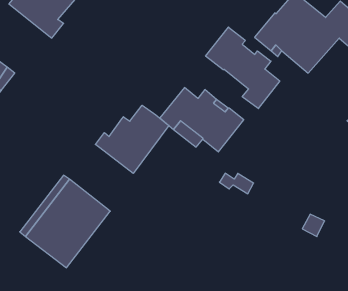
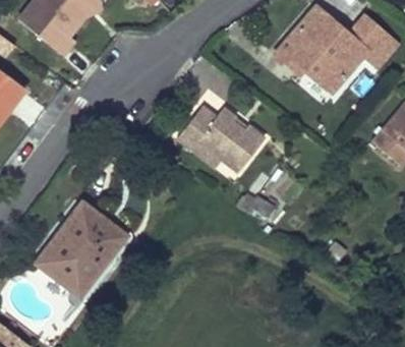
building: [206,27,280,109] -> none
building: [95,105,169,173] -> none

